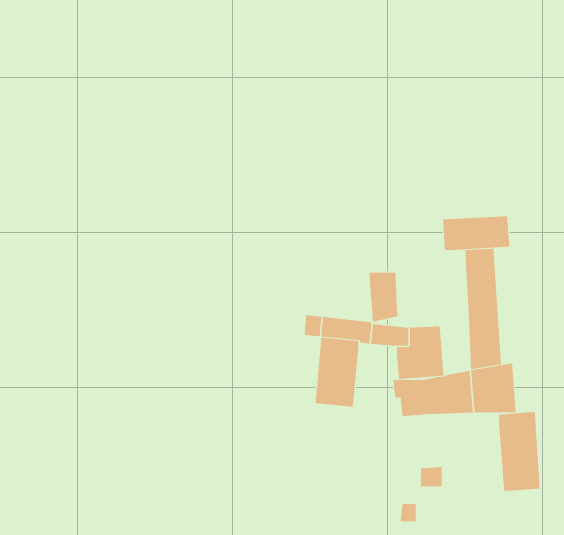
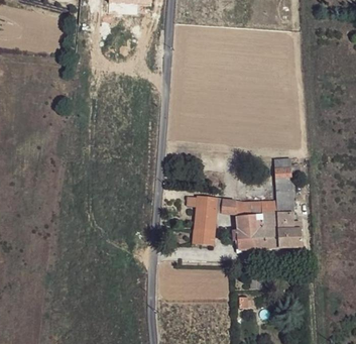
building: [442,215,510,251] -> none
building: [368,272,398,322] -> [261,200,277,227]
building: [499,411,540,492] -> none

